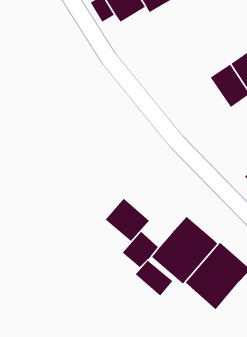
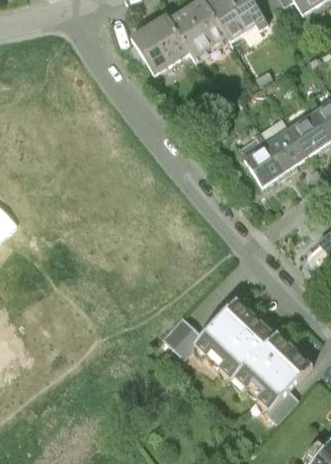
building: none -> [241,138,288,189]
building: [105,198,150,242] -> none
building: [135,260,173,296] -> none

